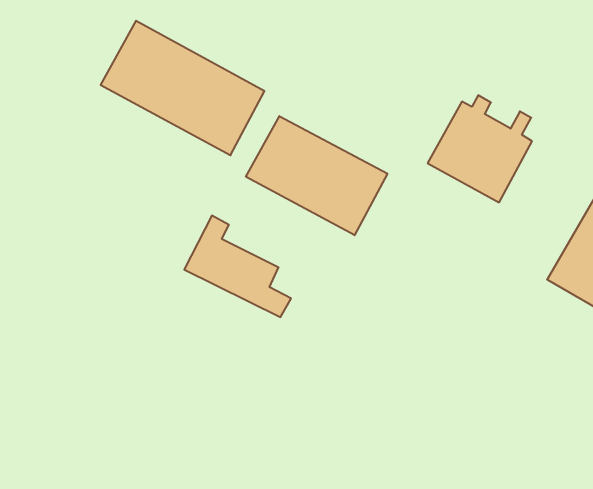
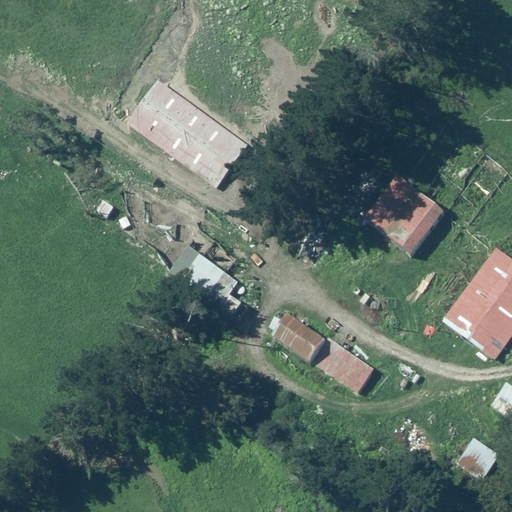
building: [246,116,387,235] -> none
building: none -> [272,314,373,393]

